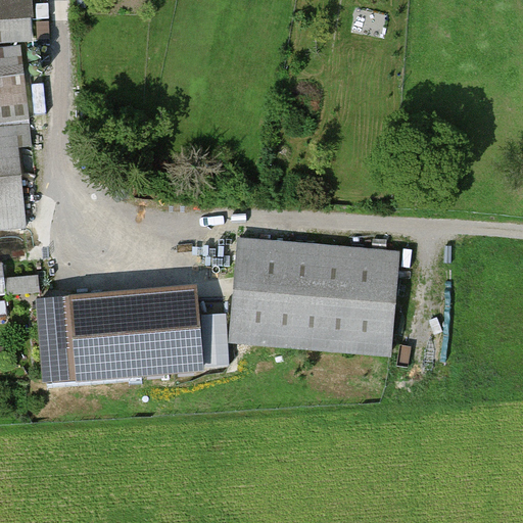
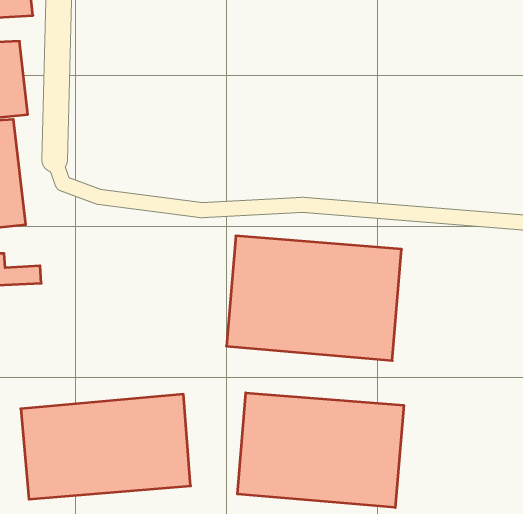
building: [38,286,206,390] -> [21,394,191,499]
building: none -> [237,393,404,508]

